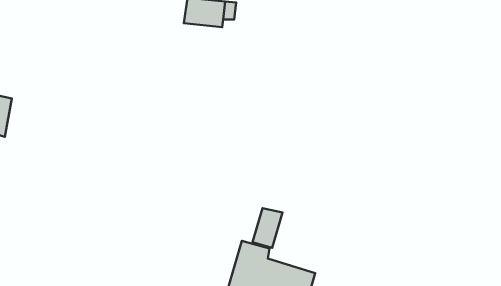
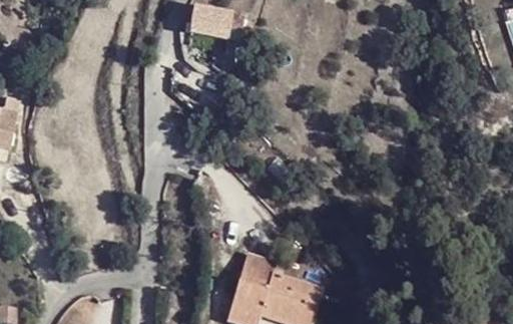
building: [253,208,282,248] -> none

